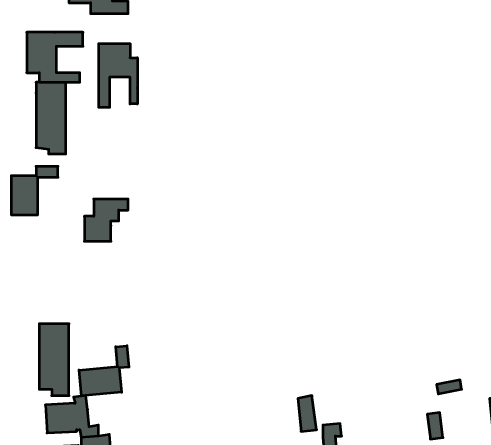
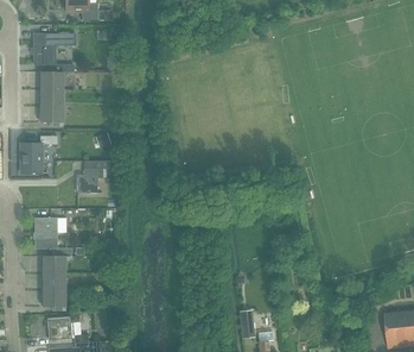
building: [99,44,137,107] -> none
building: none -> [33,216,65,249]
building: [79,346,129,396] -> none

